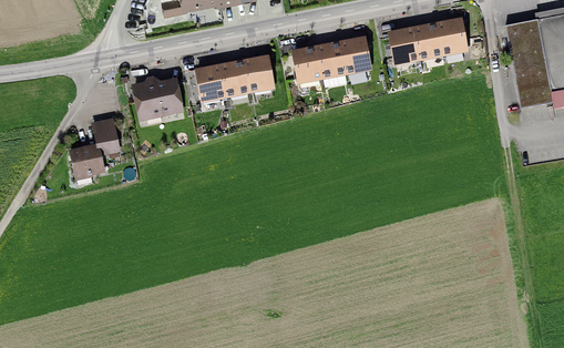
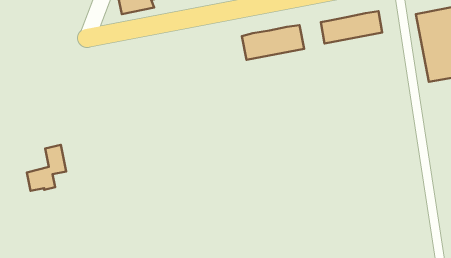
building: [198,60,274,100] -> none
building: [135,79,181,117] -> none
building: [71,120,119,175] -> [27,145,66,191]

